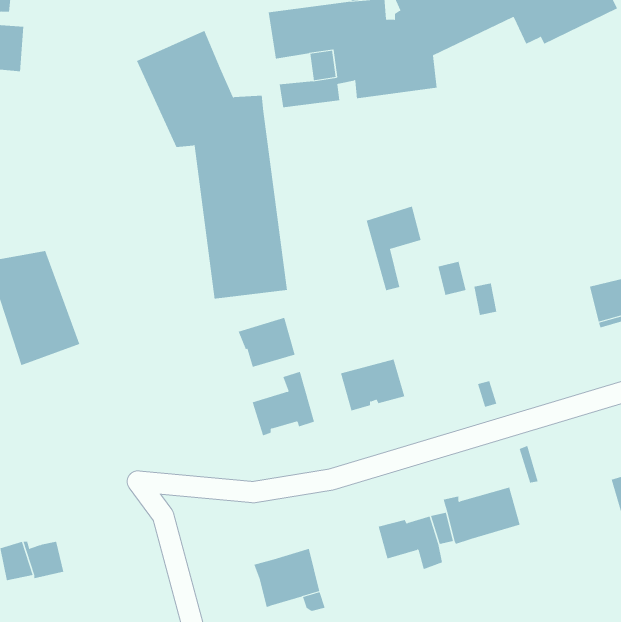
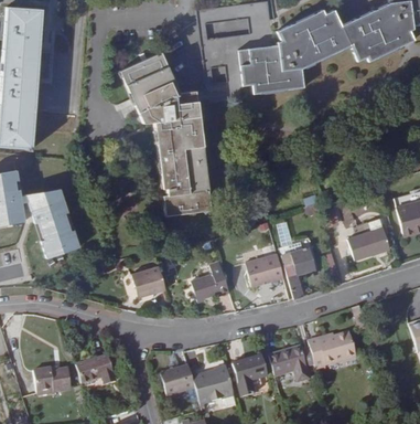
building: [366,206,422,291] -> [282,246,316,298]
building: none -> [348,226,390,257]
building: [238,317,296,368] -> [131,264,166,295]
building: none -> [231,354,267,396]
building: none -> [77,358,116,385]
building: none -> [160,365,195,395]

